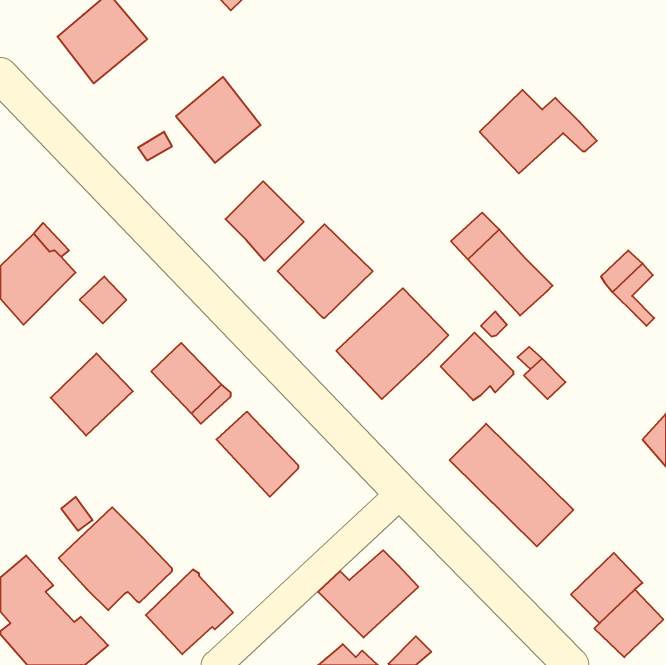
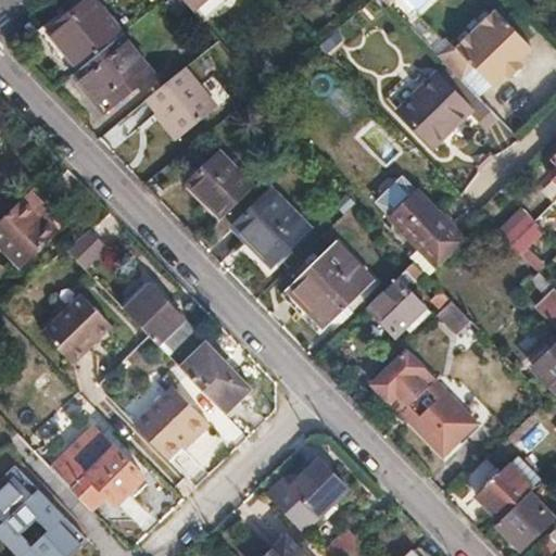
building: none -> [440,13,534,85]
building: none -> [73,34,152,112]
building: [146,570,233,654] -> [137,386,210,456]

